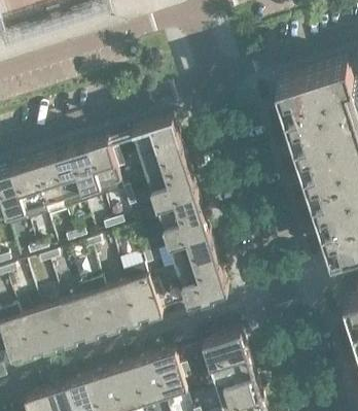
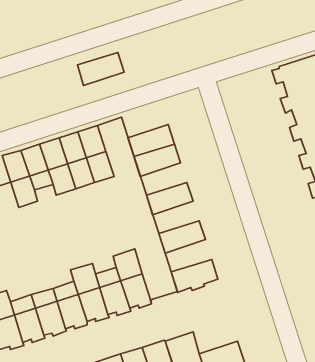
building: [130,122,176,155] -> [77,52,124,86]
building: [148,179,194,211] -> none
building: [160,217,207,249] -> none
building: [173,255,219,287] -> none
building: [200,334,245,369] -> none

